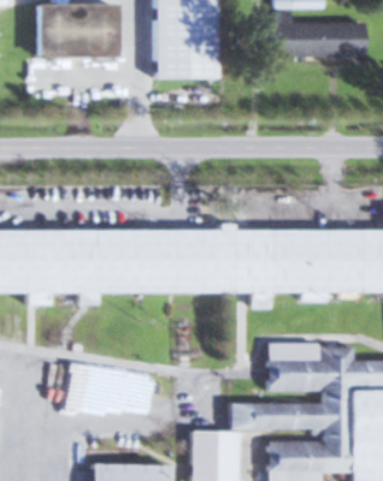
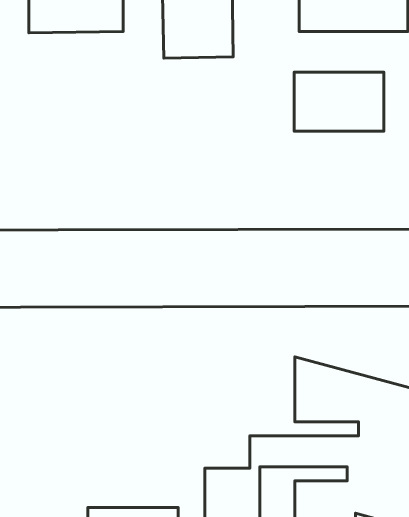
building: none -> [294,72,384,131]

